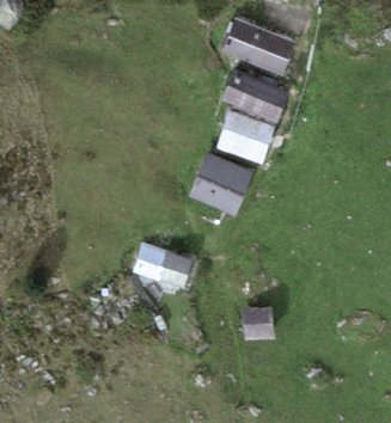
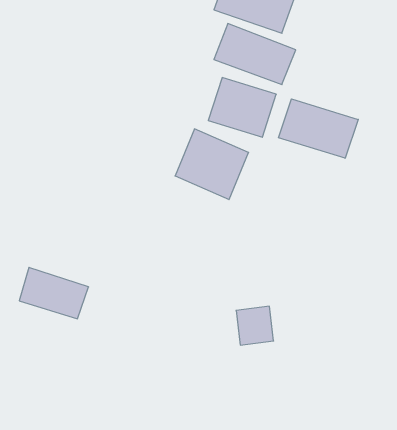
building: none -> [278,99,358,158]
building: [133,247,193,292] -> [19,267,89,319]

